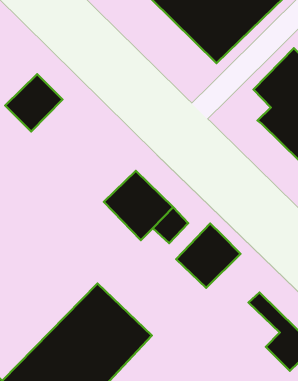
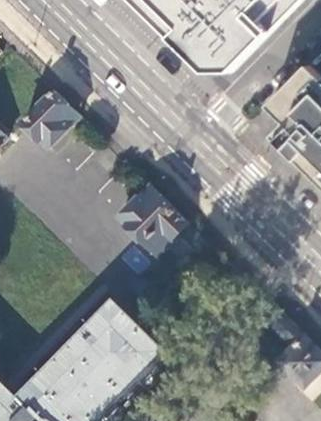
building: [176,223,240,288] -> none

